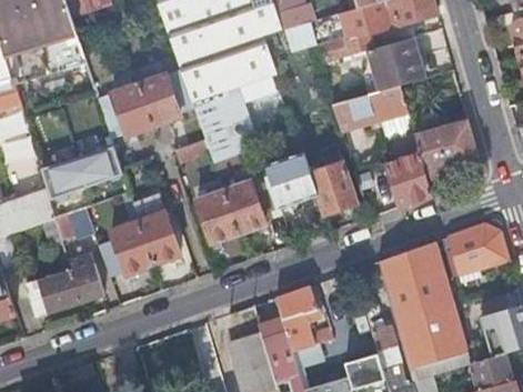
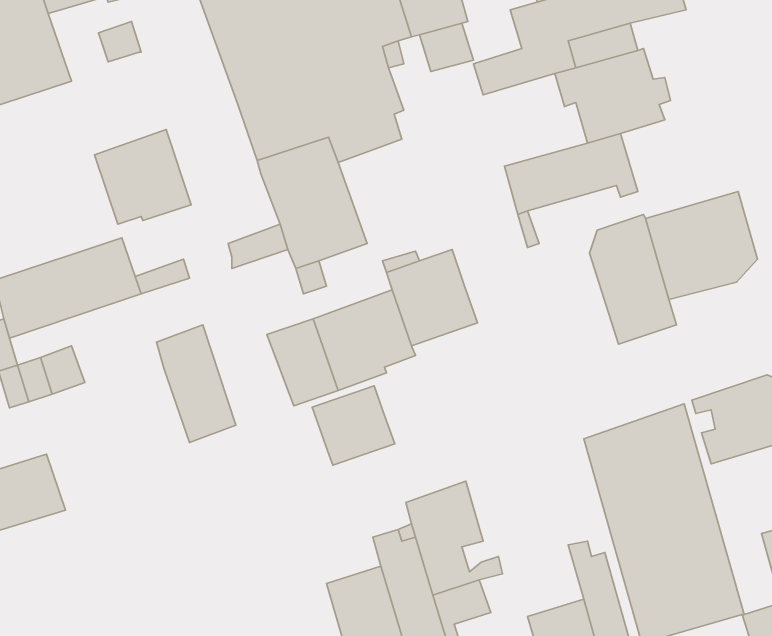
building: [139,68,193,125] -> none
building: [310,155,355,213] -> none
building: [99,220,152,275] -> none
building: none -> [312,386,395,465]
building: [67,249,104,301] -> none

